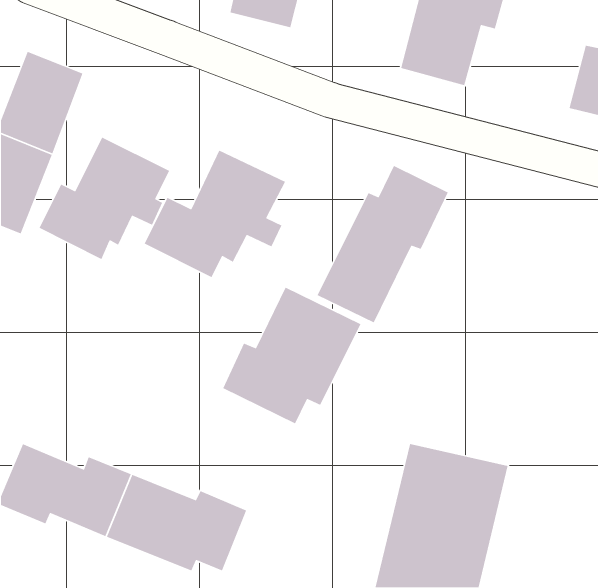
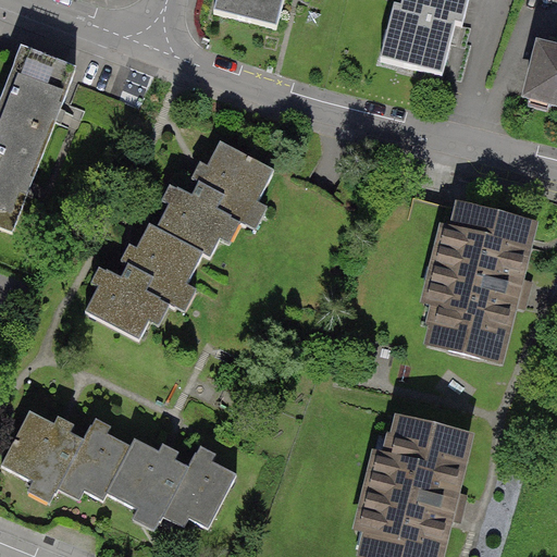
building: [38,136,170,260] -> [77,225,199,339]
building: [316,165,449,323] -> none
building: none -> [424,200,541,367]
building: [222,286,361,425] -> none

